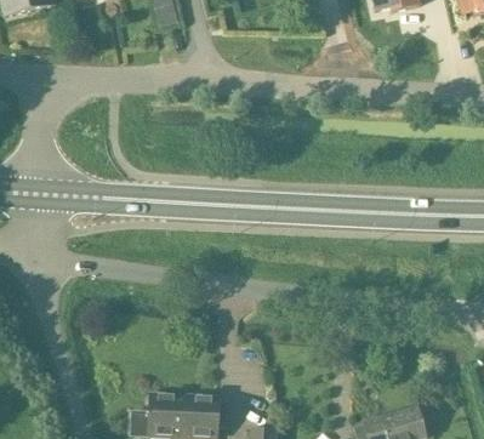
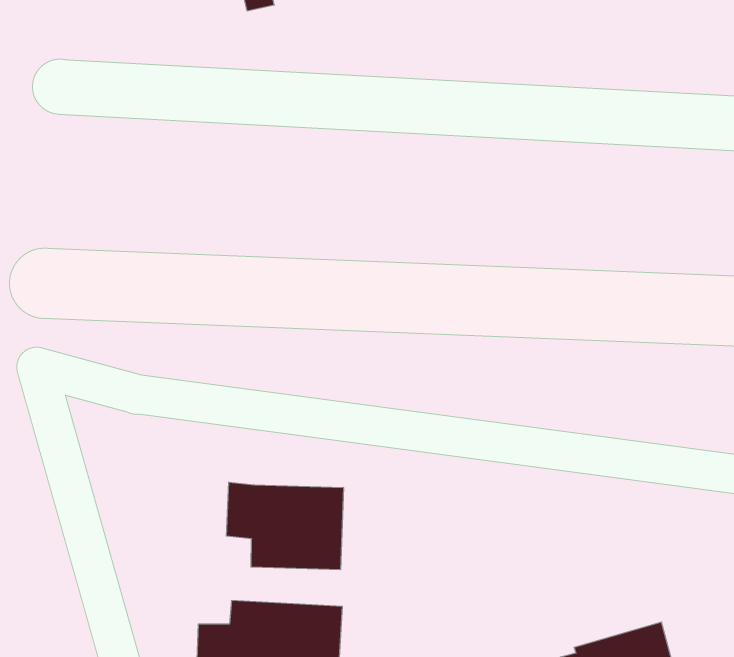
building: none -> [227,482,343,570]

